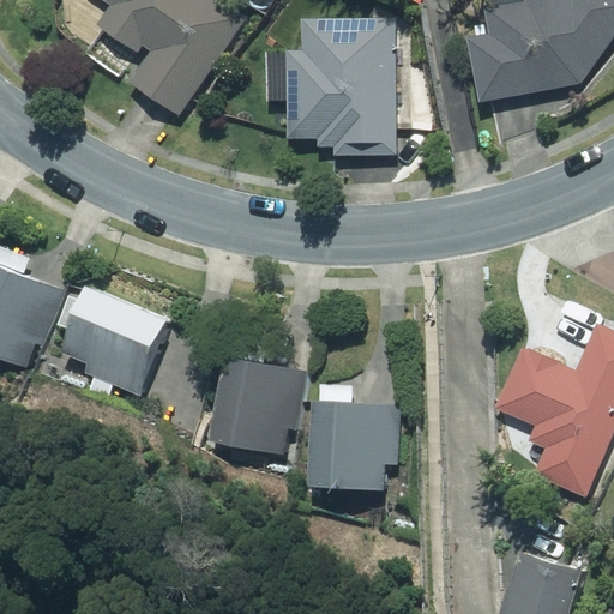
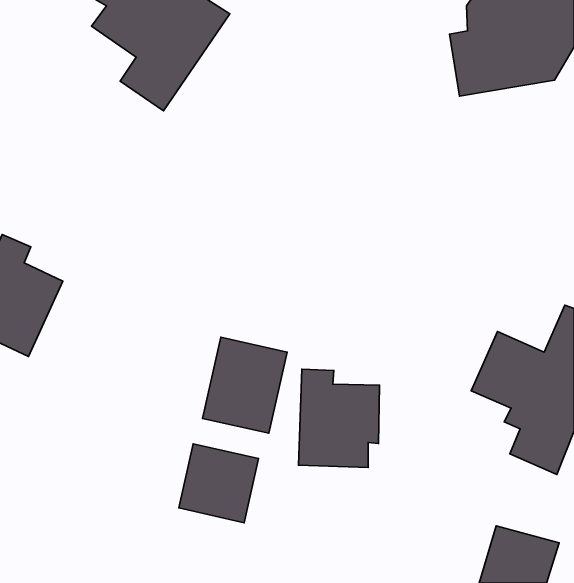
building: [265,16,396,156] -> none
building: [65,285,176,398] -> none
building: none -> [179,444,258,523]

